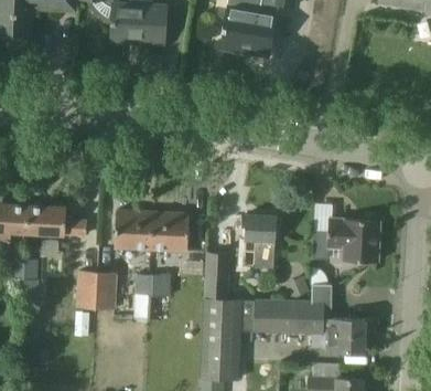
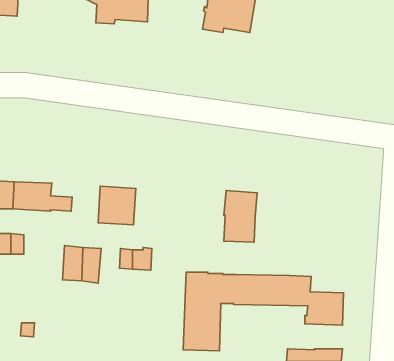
building: [150,212,190,252] -> none
building: [313,214,379,262] -> none
building: [204,252,228,298] -> none

